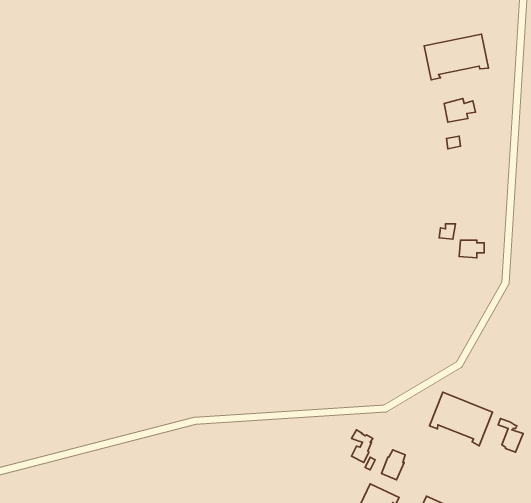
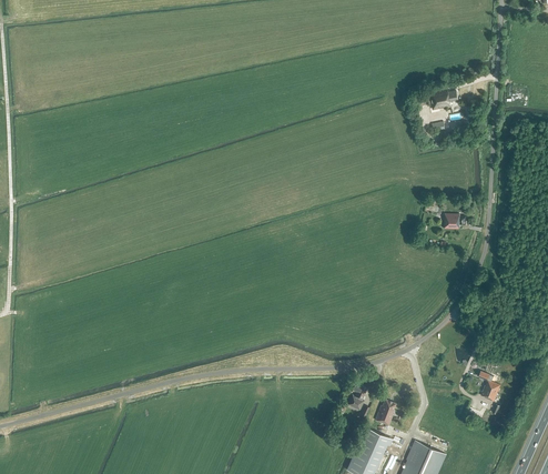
building: [424,34,489,80] -> none
building: [429,392,493,446] -> none

